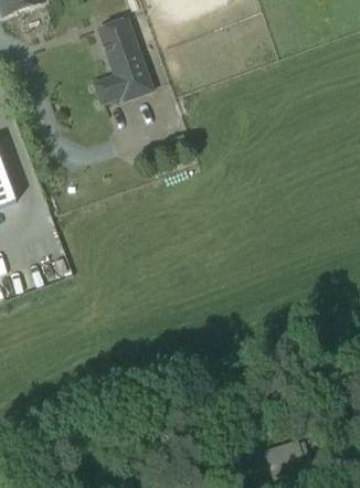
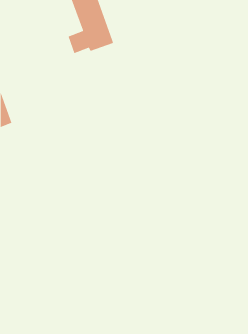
building: [269,443,305,475] -> none

